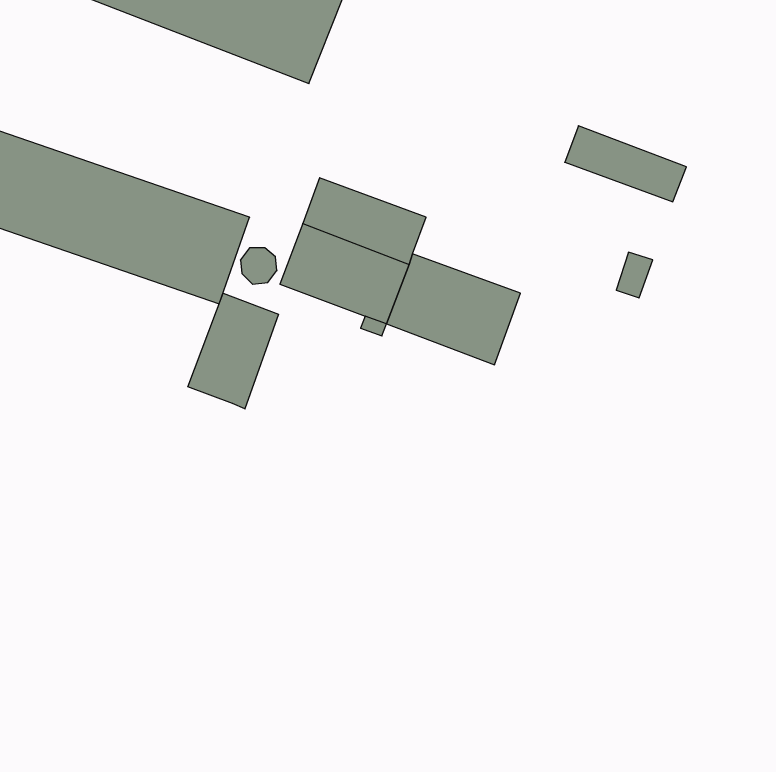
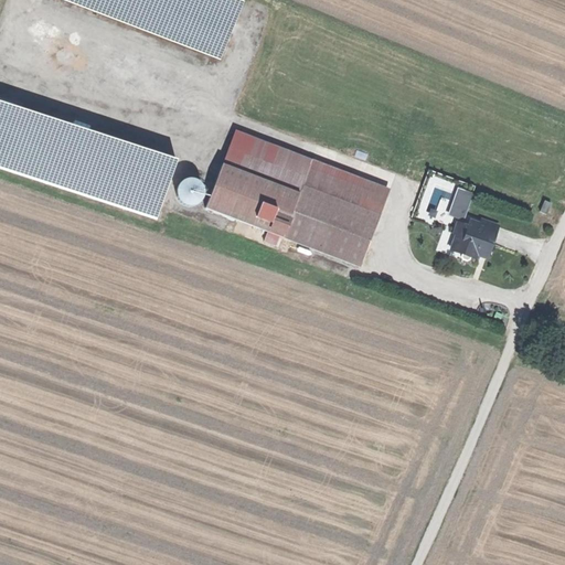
building: [565,126,686,202] -> [299,158,387,213]
building: [188,293,279,409] -> none
building: none -> [449,216,497,258]

